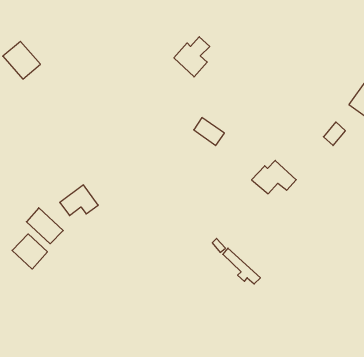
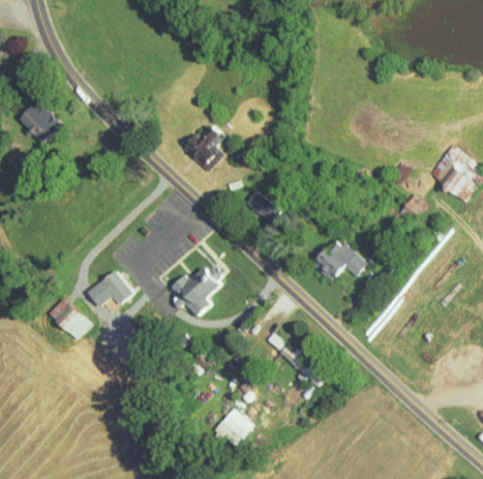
building: [174,37,210,77] -> [183,123,225,171]
building: none -> [170,264,223,316]
building: [12,234,47,269] -> none
building: none -> [215,408,253,446]

